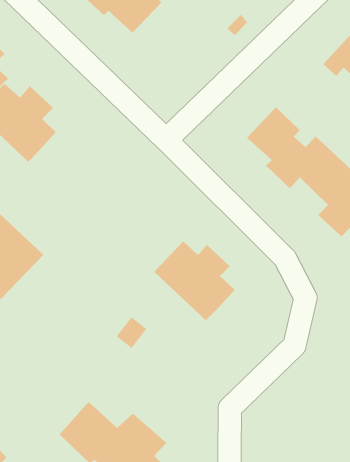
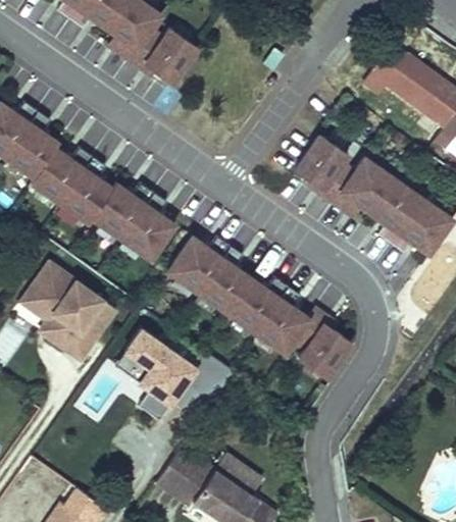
building: none -> [92,184,174,260]
building: none -> [167,237,250,312]
building: none -> [111,328,200,409]
building: none -> [293,309,351,378]

